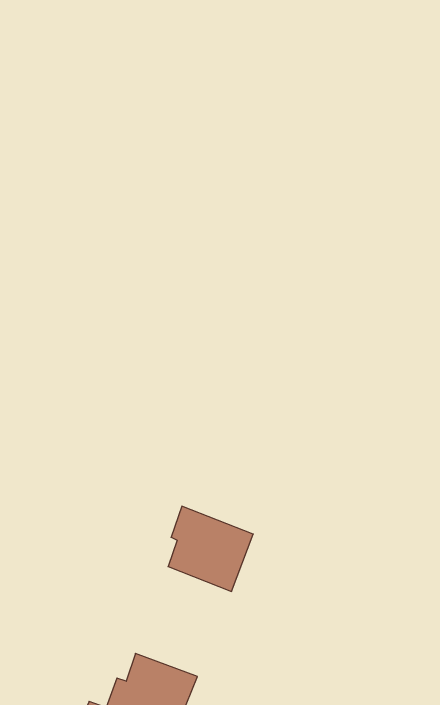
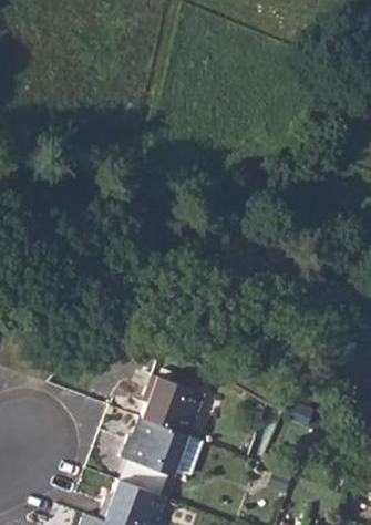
building: none -> [120,419,185,478]

